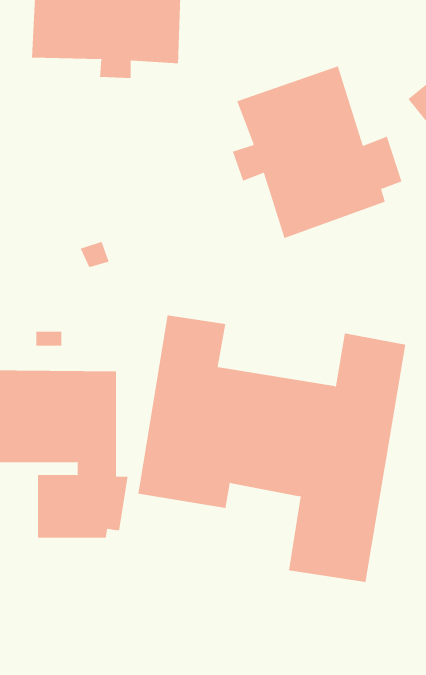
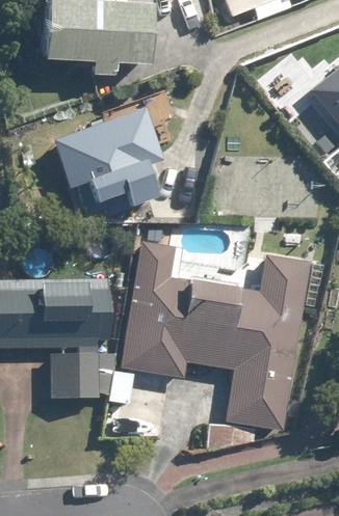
building: [232,66,402,239] -> none
building: none -> [53,106,165,200]

